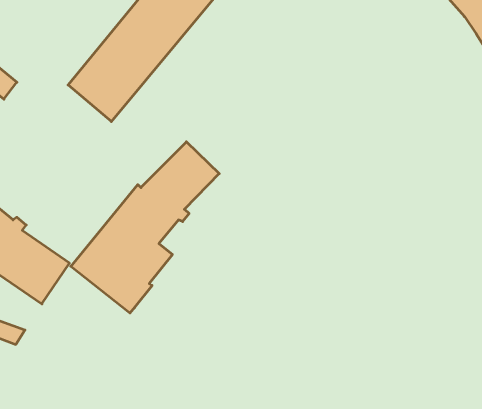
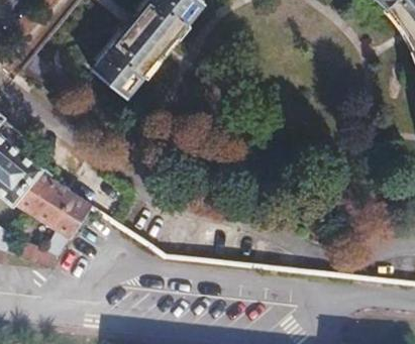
building: [71,142,219,313] -> none

